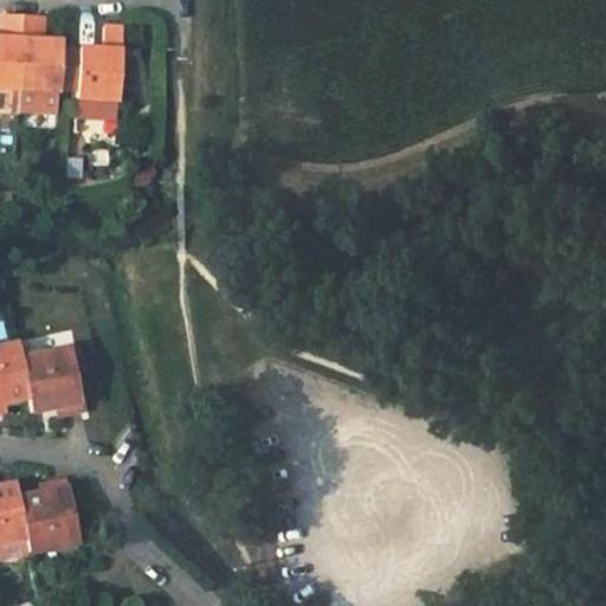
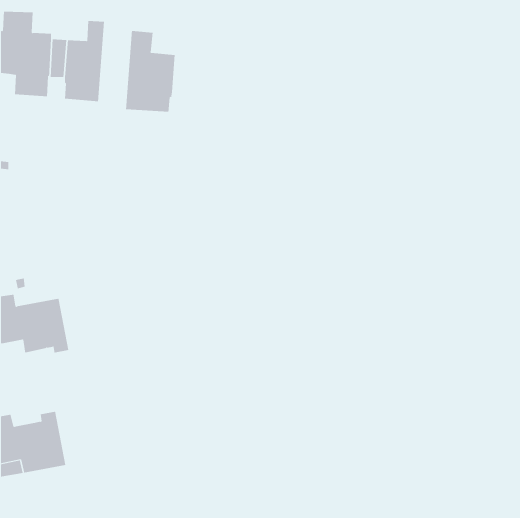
building: none -> [126,30,175,113]

